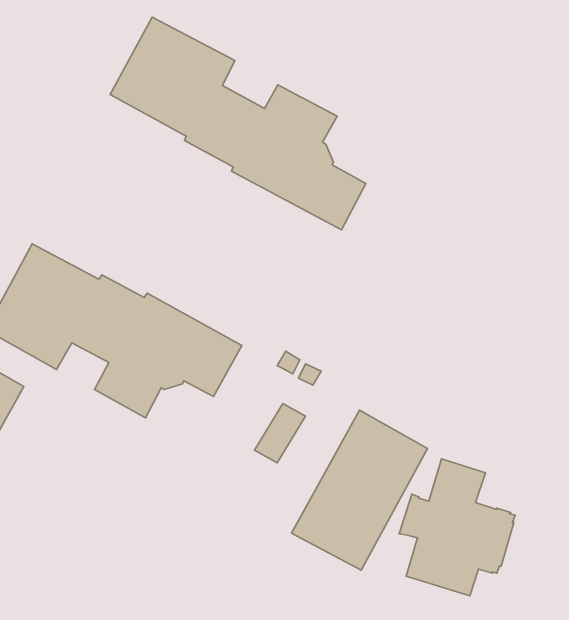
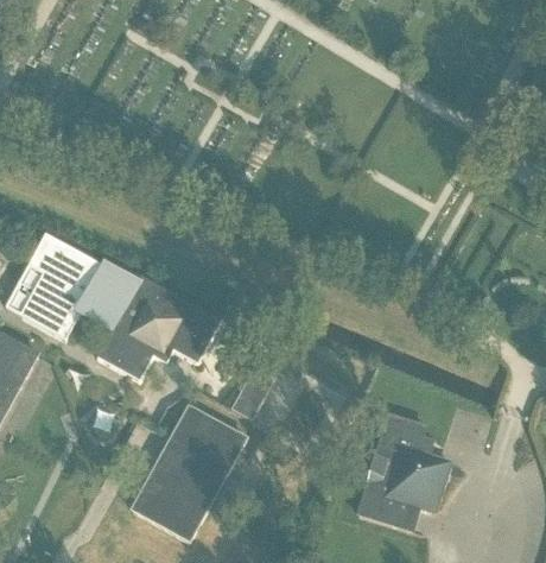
building: [110,17,366,230] -> none
building: [292,410,428,570] -> [132,405,246,539]

